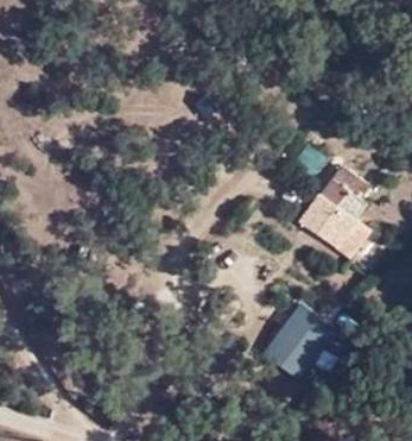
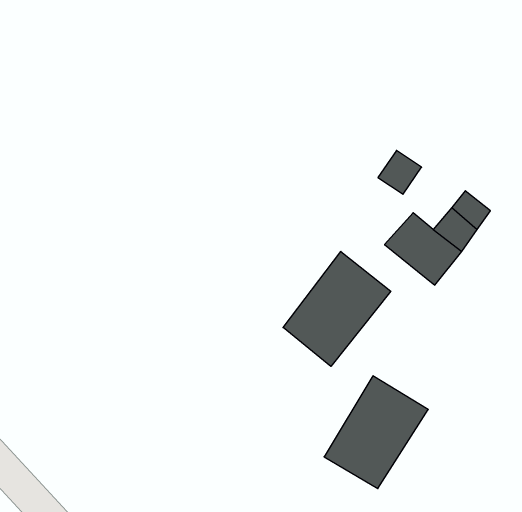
building: none -> [283,251,391,366]

